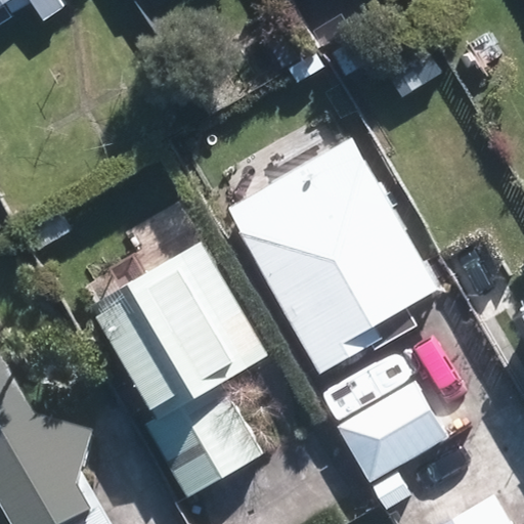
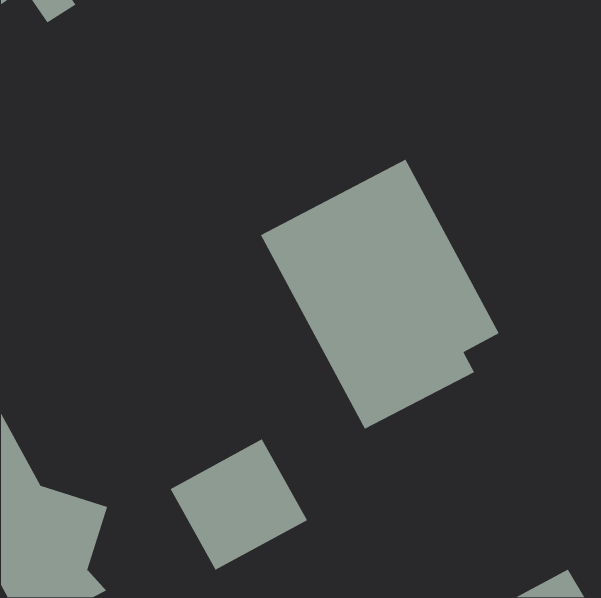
building: [90,241,266,416] -> none
building: [337,379,448,482] -> none

